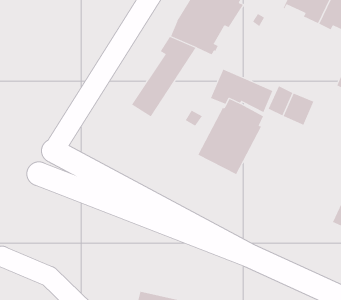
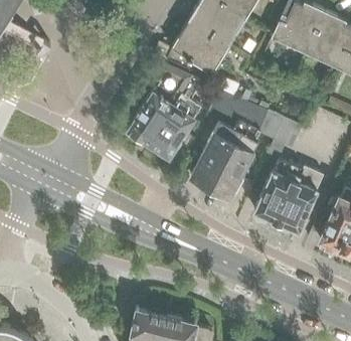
building: none -> [147,76,205,157]
building: none -> [254,161,323,232]

